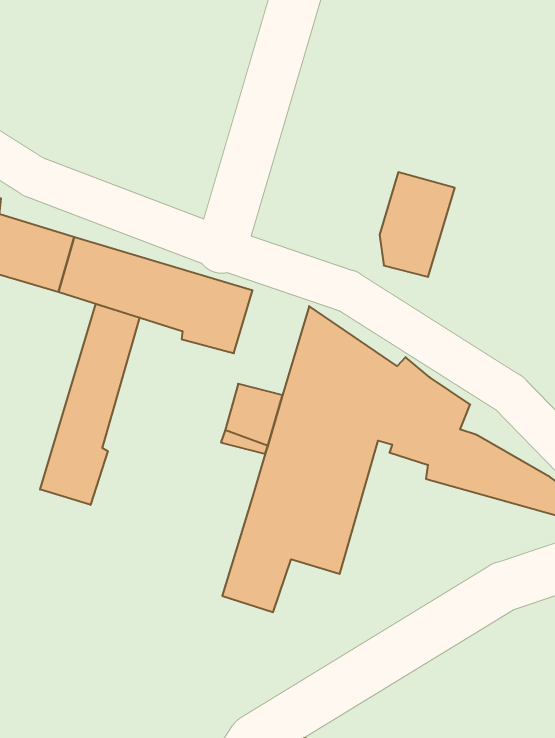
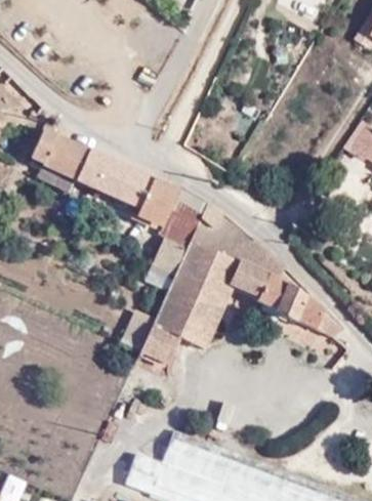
building: [380,172,455,277] -> [163,192,206,249]
building: [40,304,139,505] -> none

